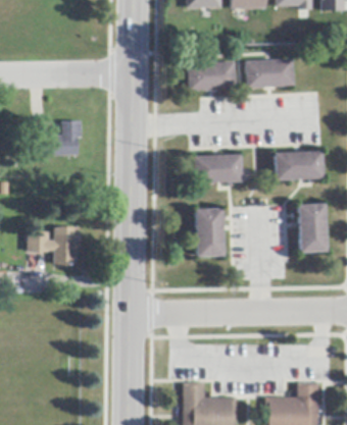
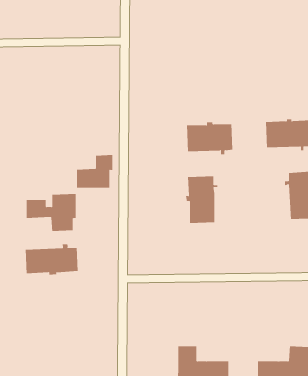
building: [247,58,296,89] -> none
building: [189,61,238,92] -> none
building: [45,120,83,155] -> [76,154,113,188]
building: none -> [25,244,78,276]

